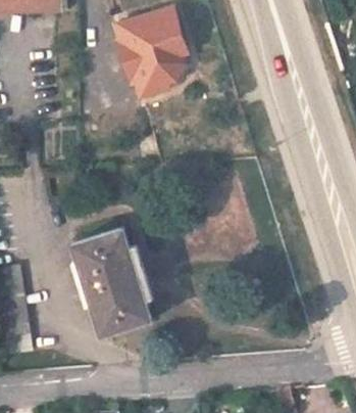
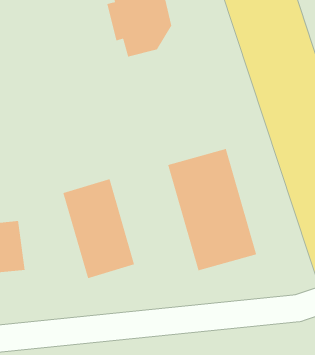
building: none -> [167,148,257,271]

